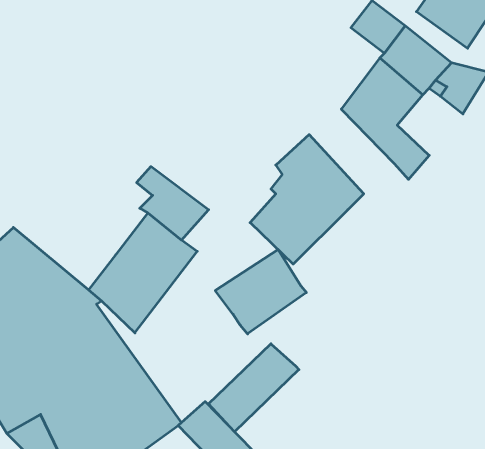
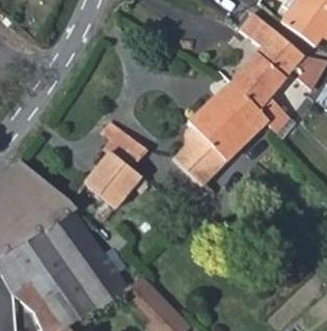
building: none -> [210,83,265,138]
building: [215,250,306,334] -> none
building: [209,344,299,432] -> none

